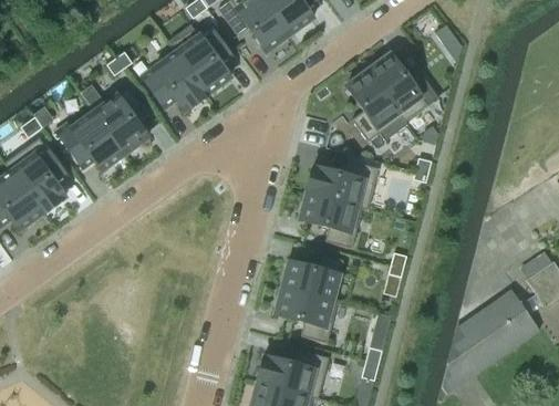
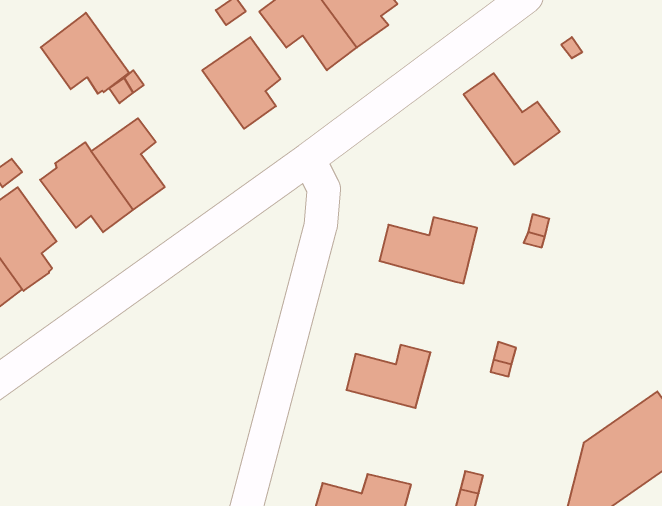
building: [143,52,208,112] -> [41,13,129,94]
building: [346,70,408,143] -> none
building: [300,192,363,249] -> none
building: [275,288,339,343] -> none

